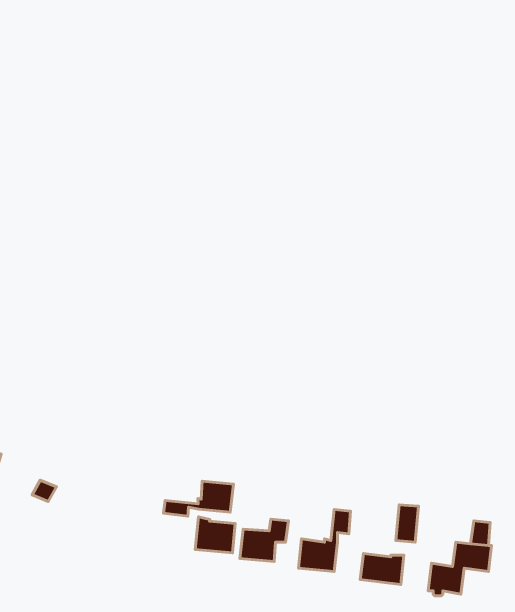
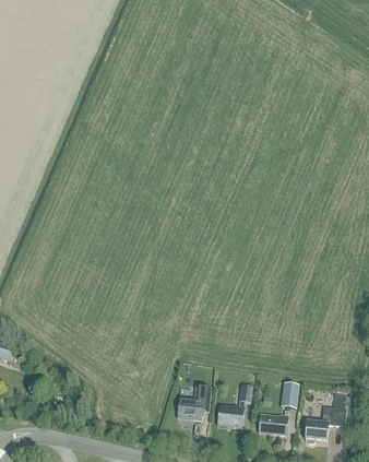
building: [164,481,234,516] -> none
building: [195,517,235,553] -> none

